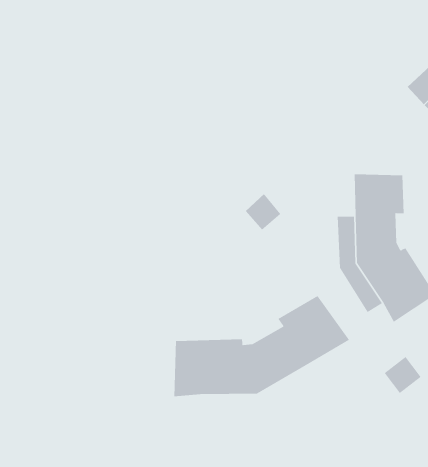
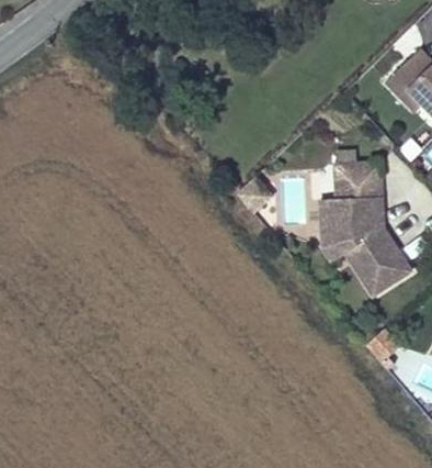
building: [174,295,350,397] -> none

